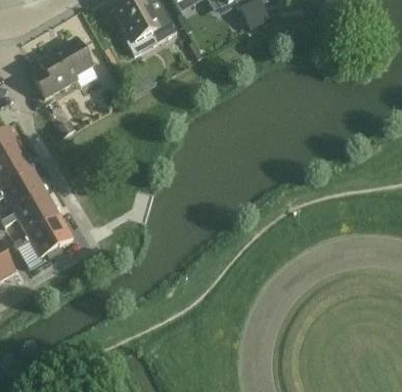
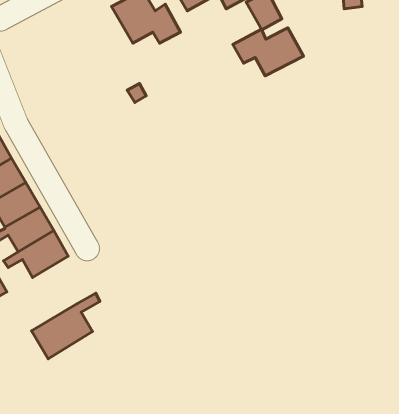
building: none -> [233,28,304,76]
building: [31,38,92,99] -> none
building: none -> [32,293,100,359]

